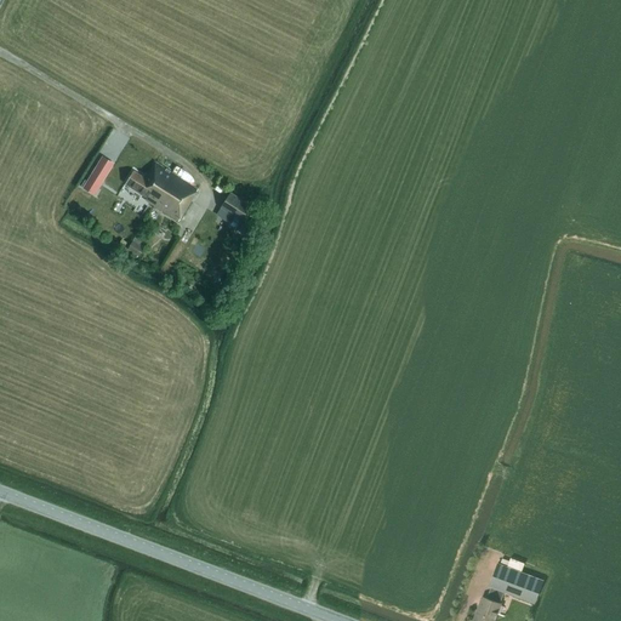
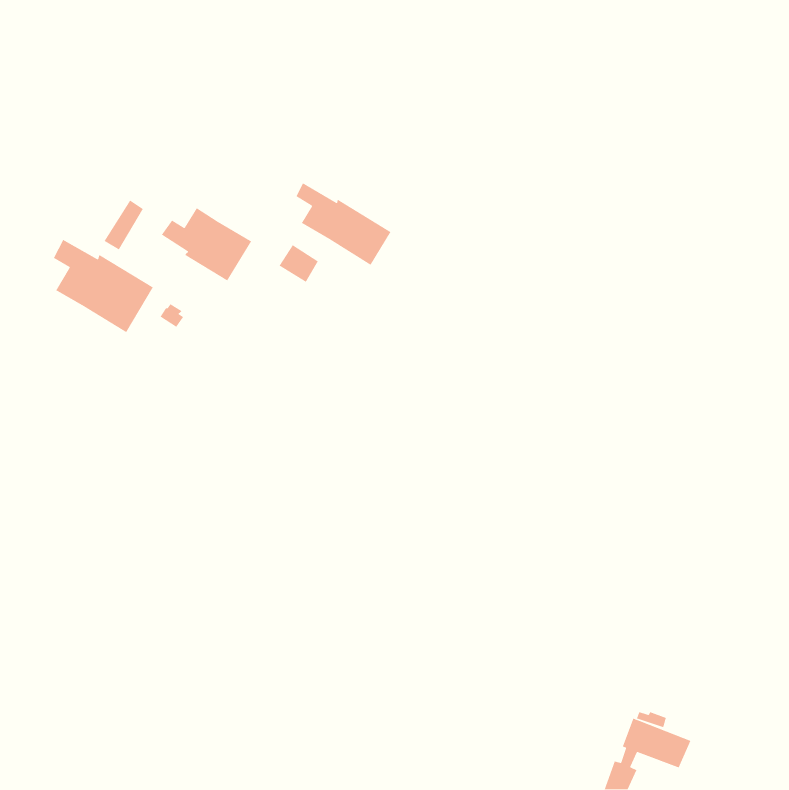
building: none -> [295,182,391,266]
building: none -> [53,239,154,333]

